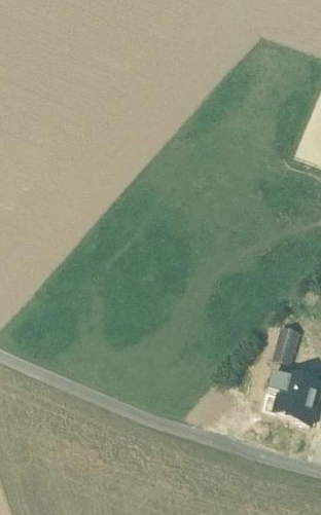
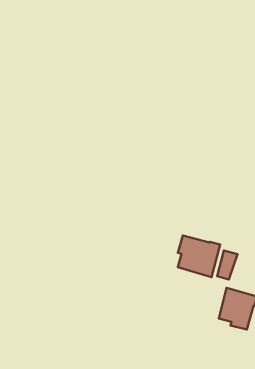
building: none -> [178,236,220,277]

